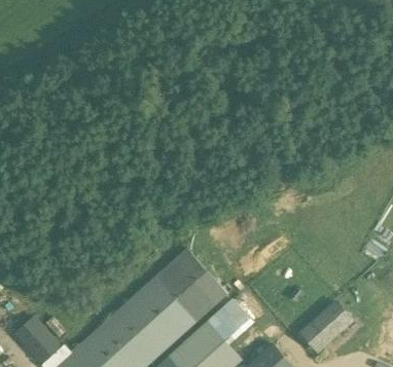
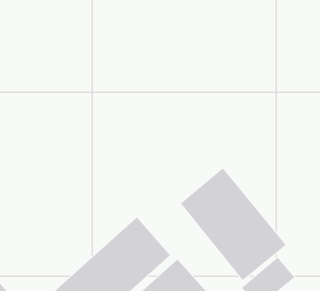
building: none -> [180,168,286,281]

